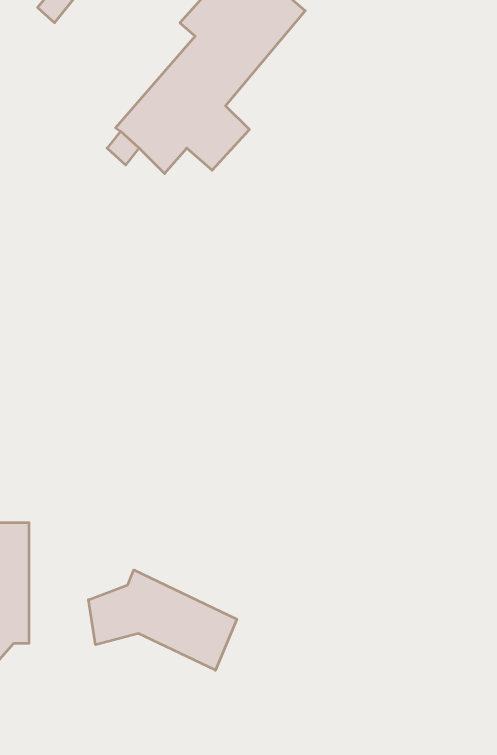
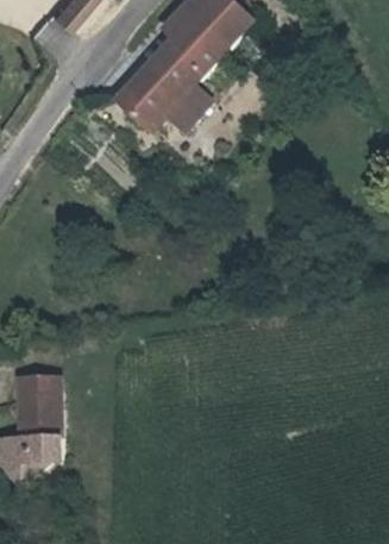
building: [88,570,237,670] -> none

